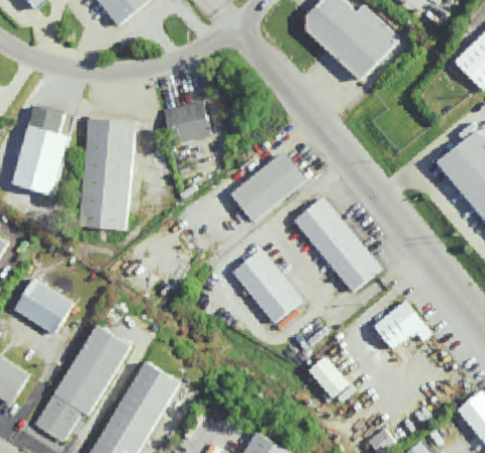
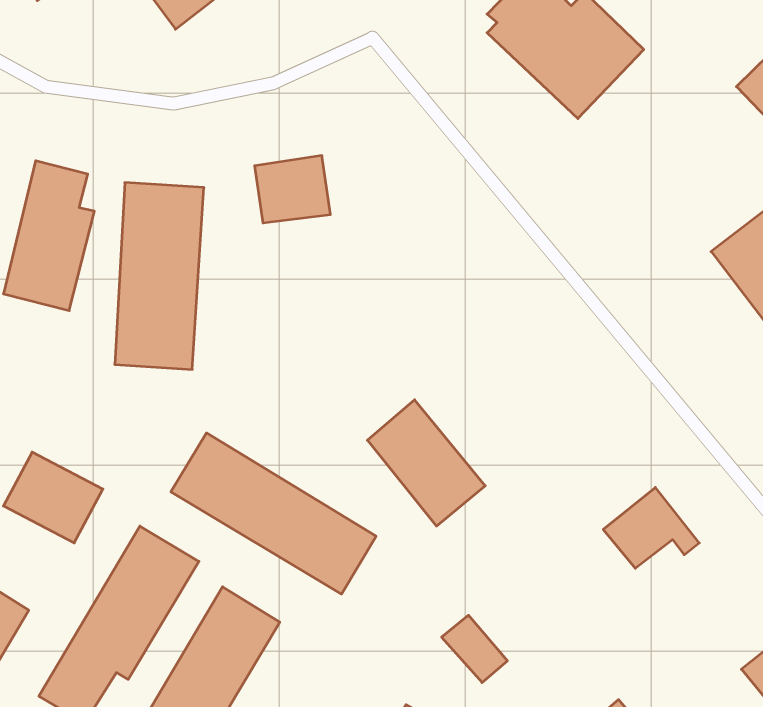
building: [231,151,307,222] -> none
building: [294,197,381,293] -> none
building: none -> [171,433,376,594]
building: [309,357,349,398] -> [442,615,507,683]

